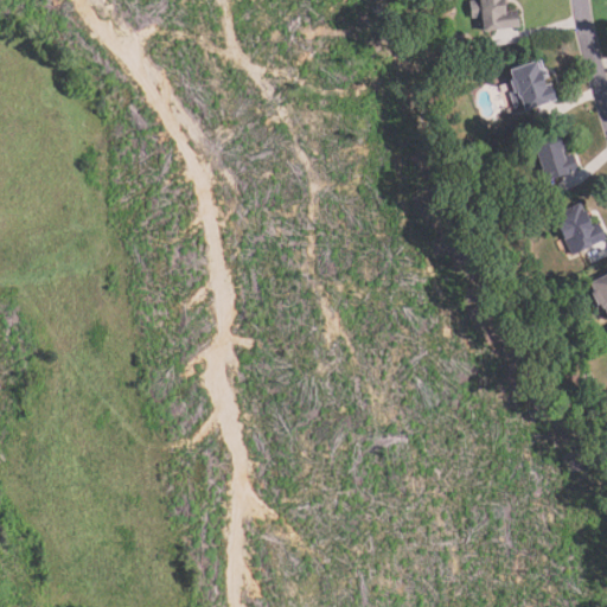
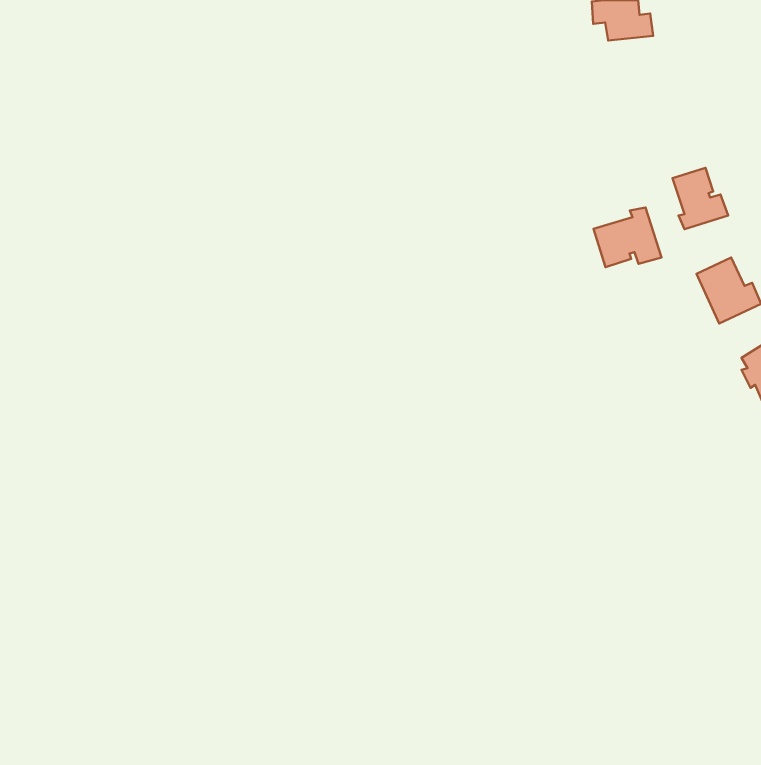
building: [511,60,556,110] -> none
building: none -> [594,208,662,267]

